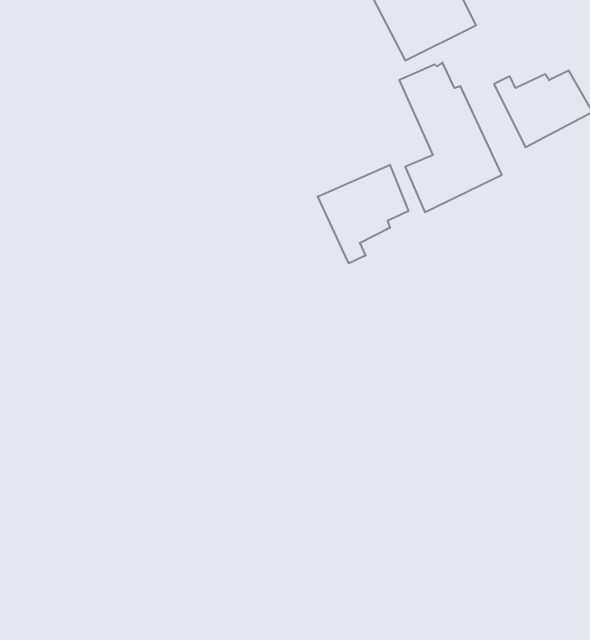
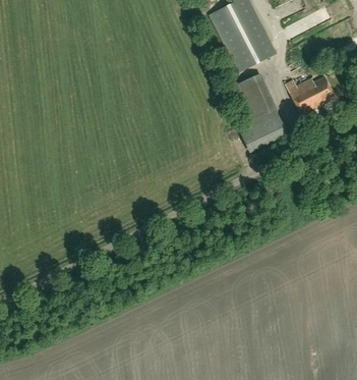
building: [318,165,408,263] -> none

